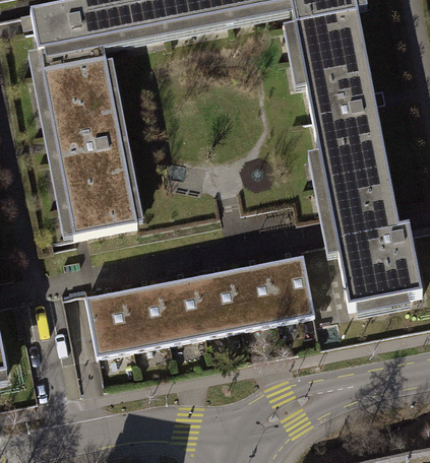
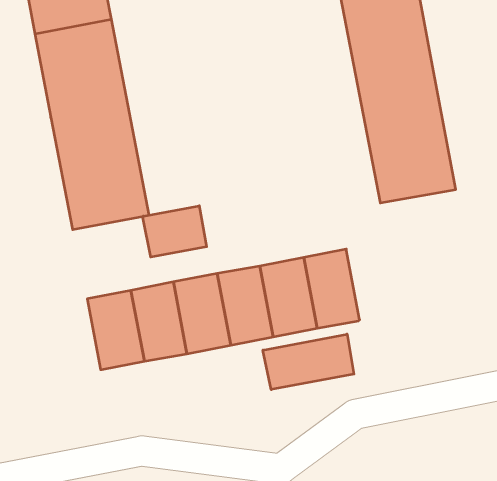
building: [331,205,423,310] -> none
building: none -> [143,206,207,257]
building: none -> [263,334,354,390]

